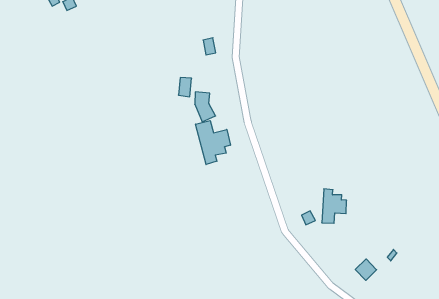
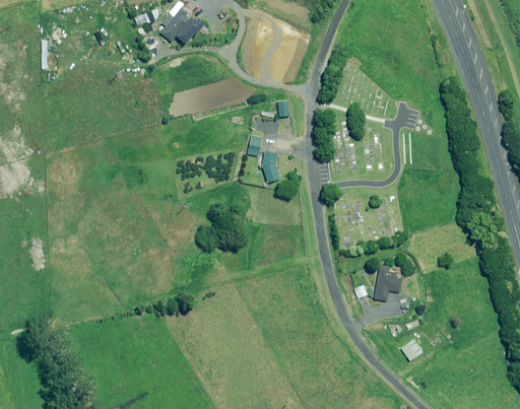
building: [196,121,230,165] -> none

